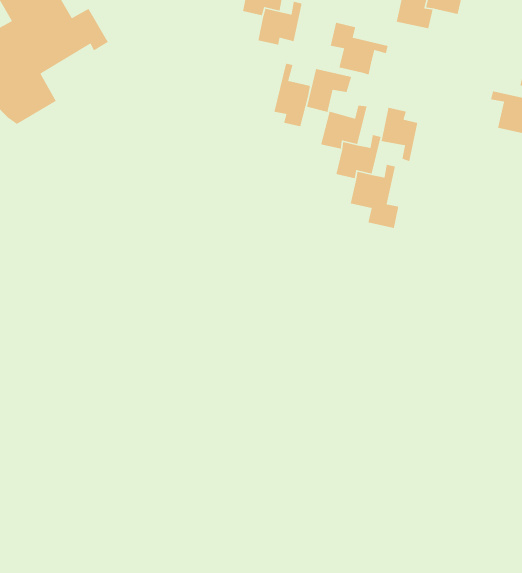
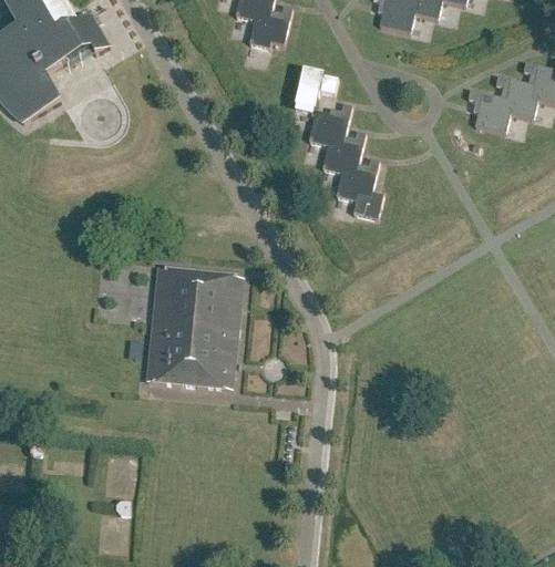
building: [330,22,388,75] -> none
building: [274,63,311,127] -> none
building: [380,107,418,162] -> none
building: none -> [147,268,243,389]

